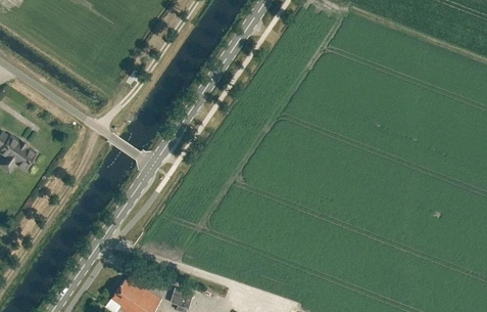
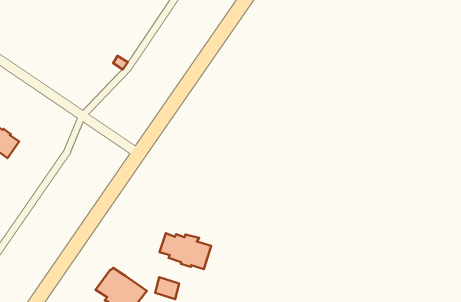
building: none -> [160,233,211,269]

